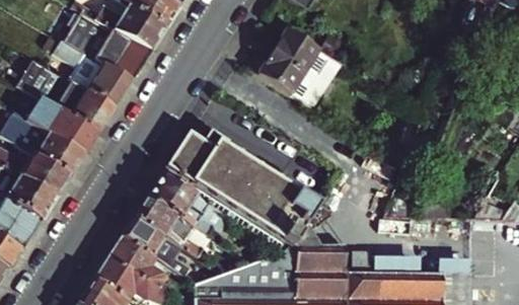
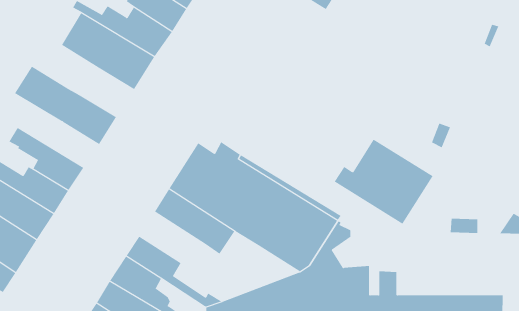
building: [246,29,339,108] -> [334,139,434,224]
building: [54,43,128,109] -> none
building: [13,108,95,156] -> none
building: [132,197,214,266] -> none

